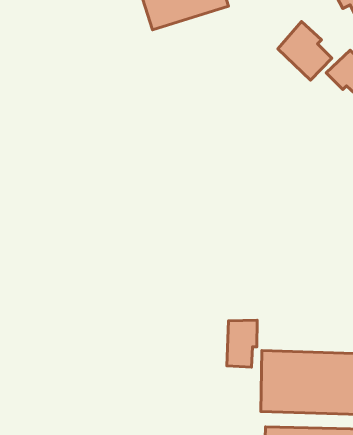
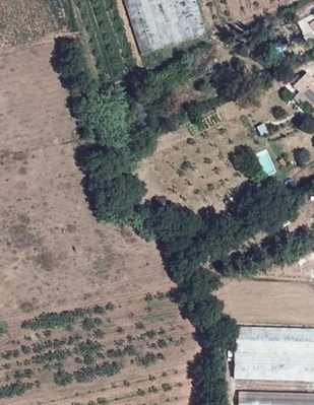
building: [278,21,332,80] -> none
building: [227,320,257,367] -> none

